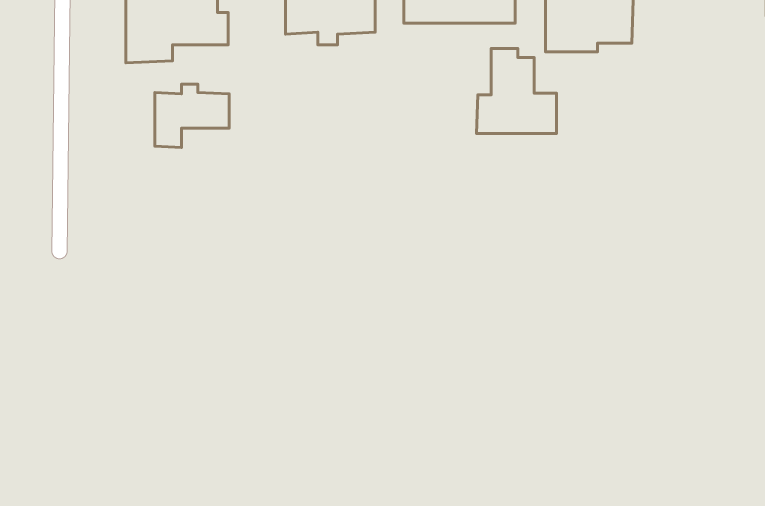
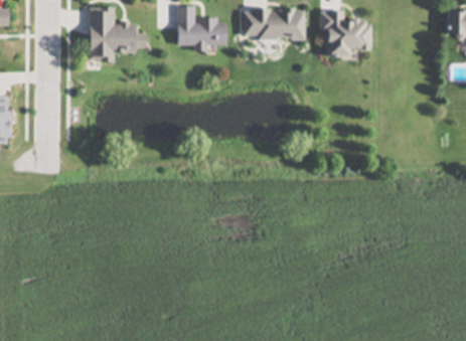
building: [476,48,556,133] -> none
building: [155,84,229,148] -> none

